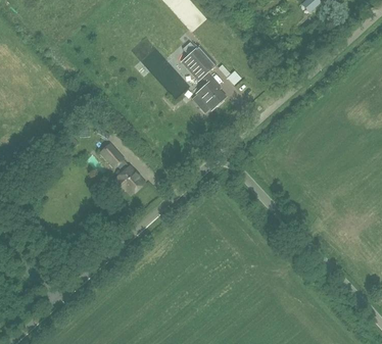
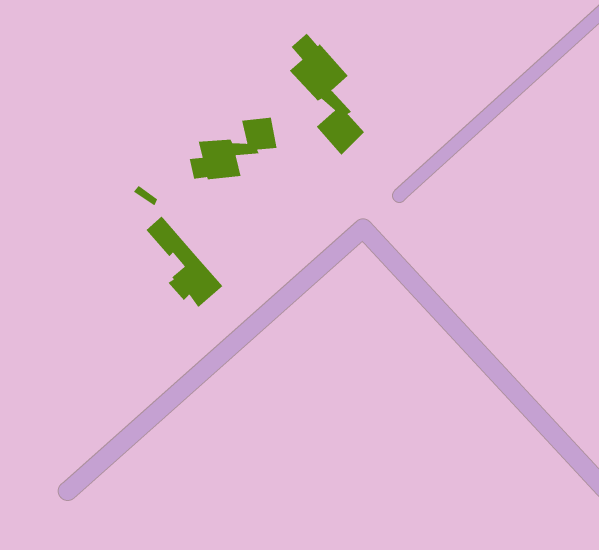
building: none -> [189,117,277,180]

